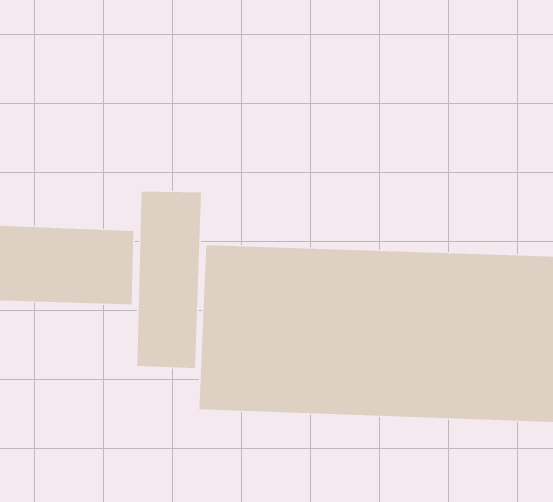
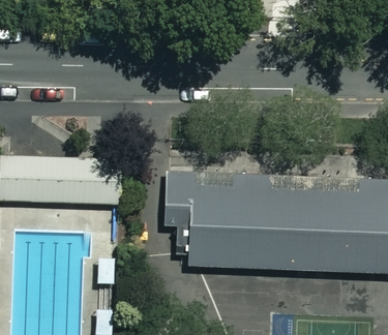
building: [137,191,202,369] -> none

